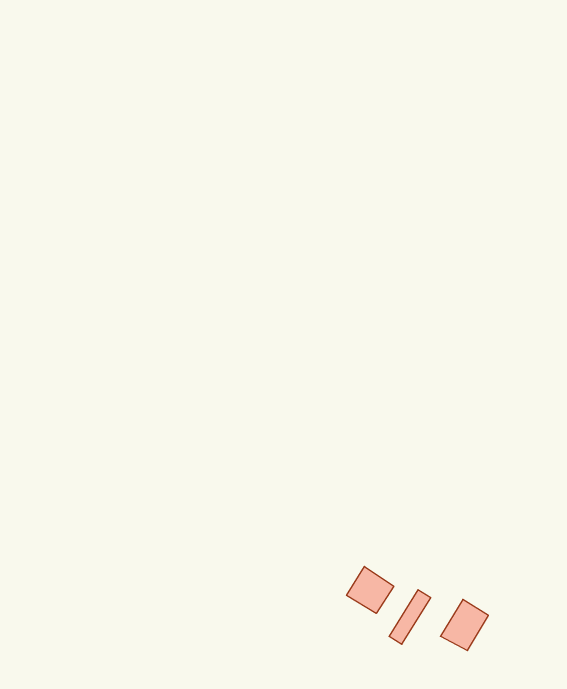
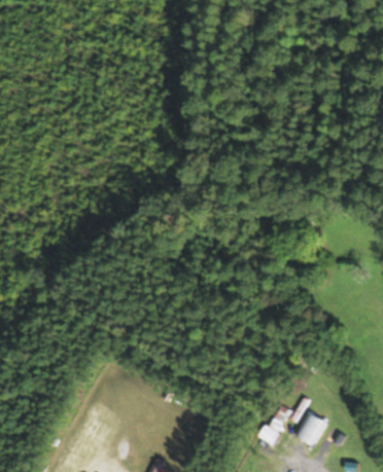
building: [347,566,394,613] -> none

